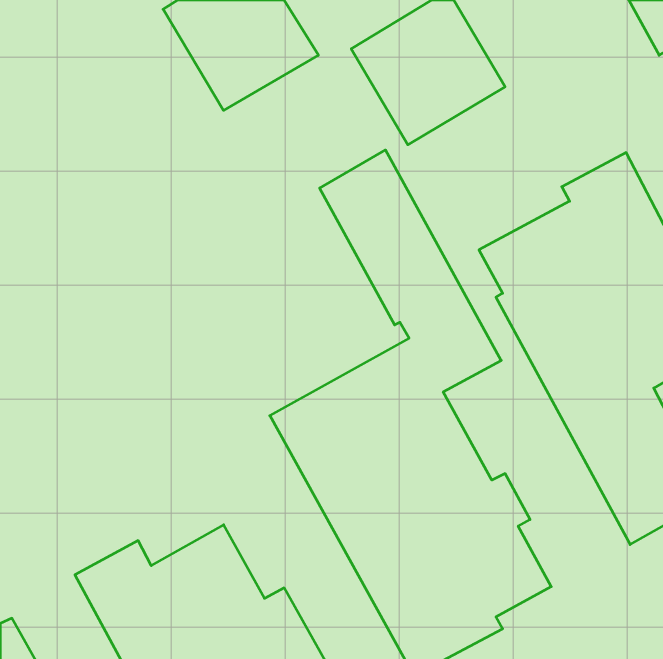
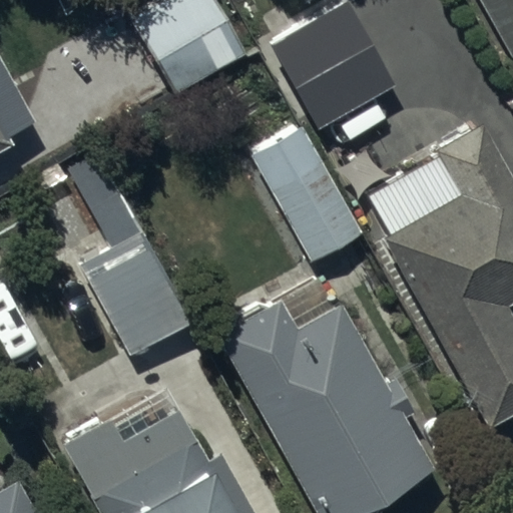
building: none -> [67,149,195,359]

